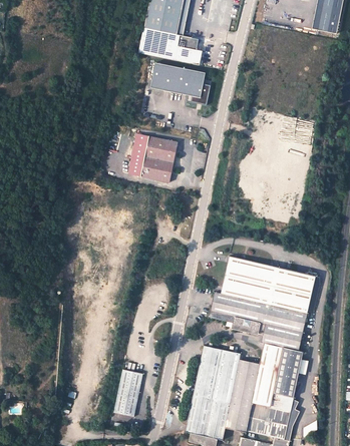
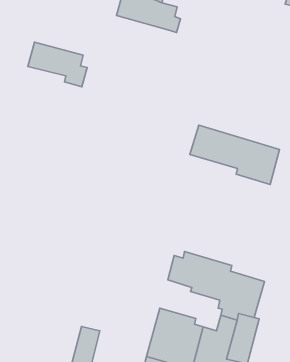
building: [150,62,211,104] -> [28,42,87,87]
building: [129,132,178,181] -> none
building: [223,256,313,311] -> [190,125,279,185]

